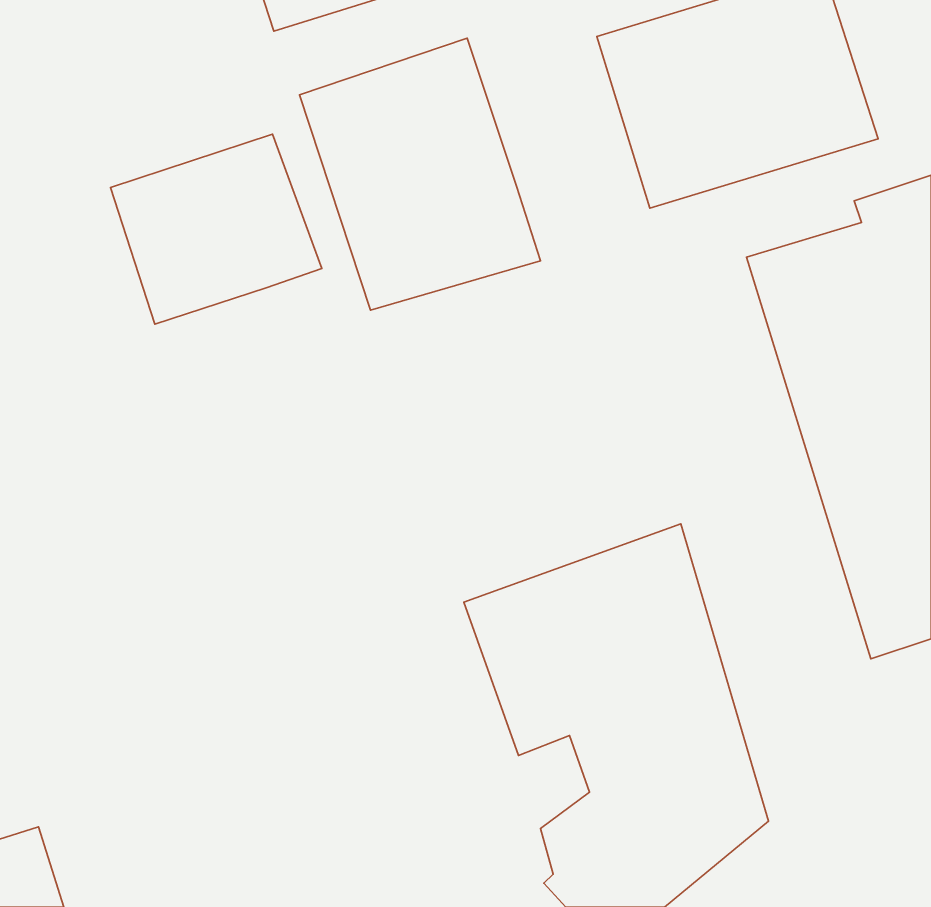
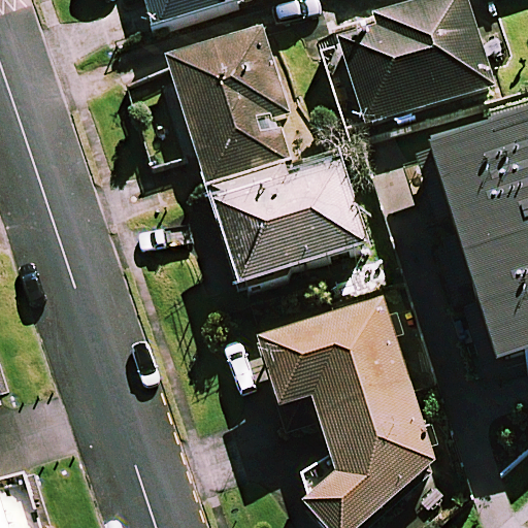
building: [110,134,322,324] -> none
building: none -> [209,147,368,283]

